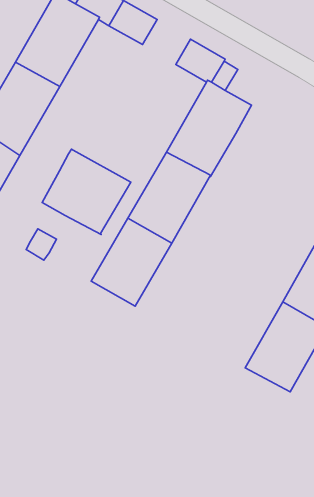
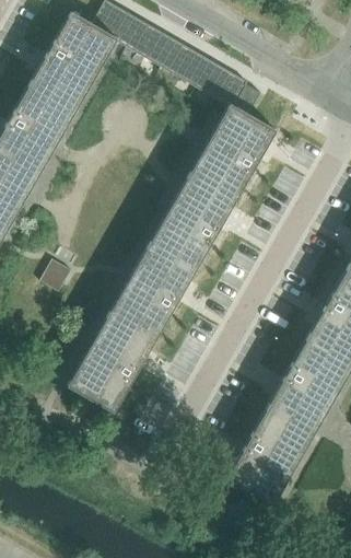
building: none -> [162,40,212,88]
building: [42,149,131,234] -> none
building: none -> [68,314,154,411]
building: none -> [227,405,315,503]

